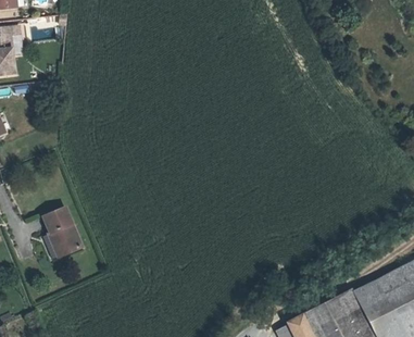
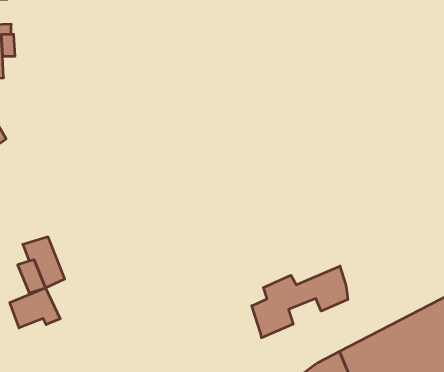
building: none -> [252,266,348,338]
building: none -> [10,288,60,328]

